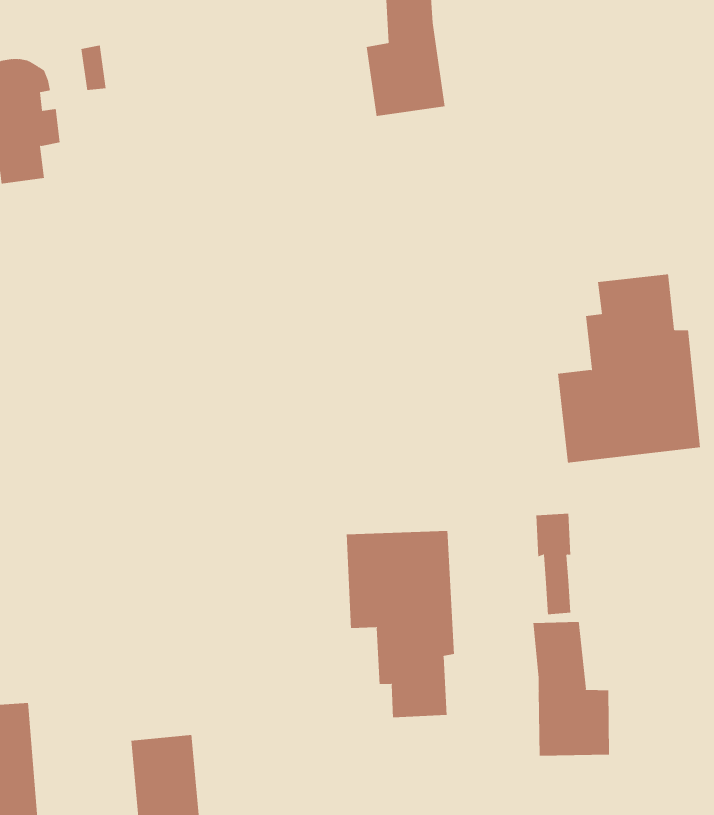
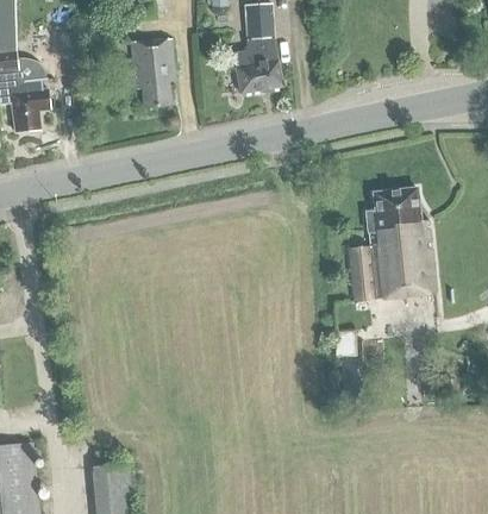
building: none -> [130,38,174,106]
building: [346,530,454,718] -> none
building: [533,621,610,756] -> none

